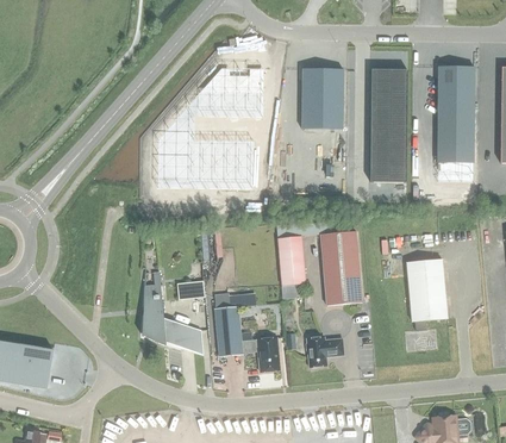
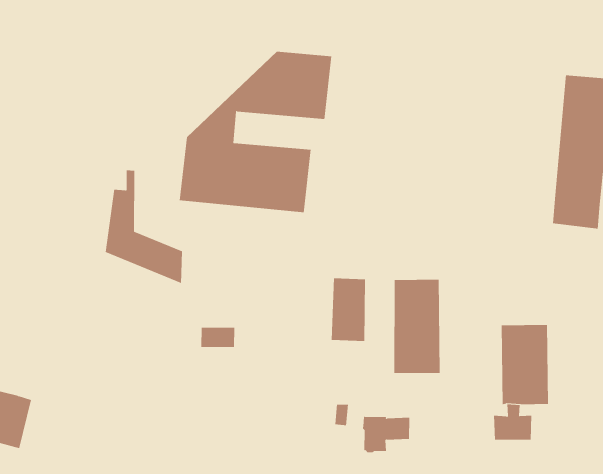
building: [301,68,343,129] -> none
building: [369,68,407,181] -> none
building: [142,270,202,354] -> [105,170,183,284]
building: [214,306,280,370] -> none

